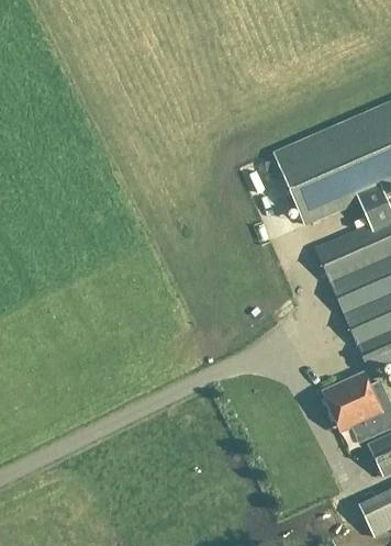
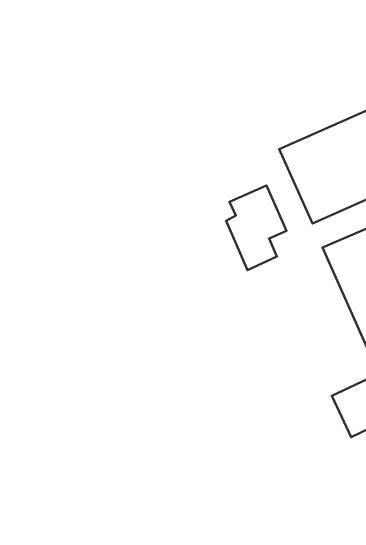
building: none -> [226,186,287,270]

